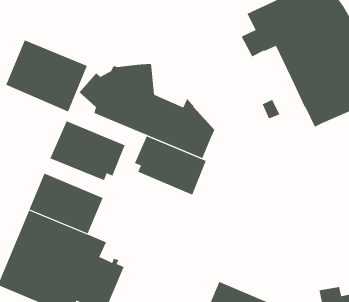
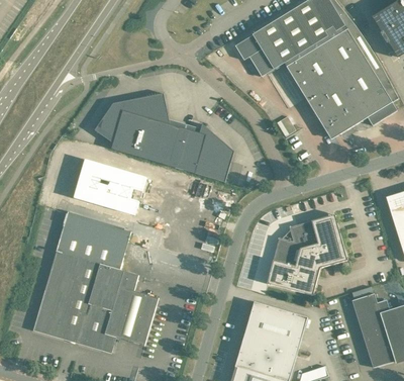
building: [5,39,88,113] -> none
building: [134,135,207,196] -> none
building: none -> [267,214,347,295]

